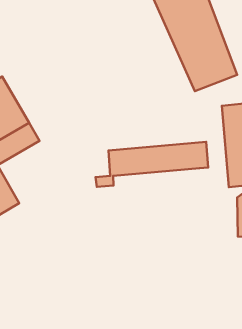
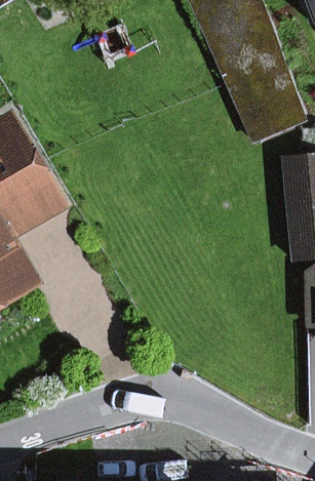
building: [96,142,208,187] -> none

